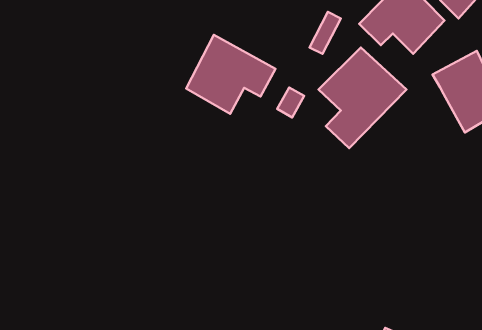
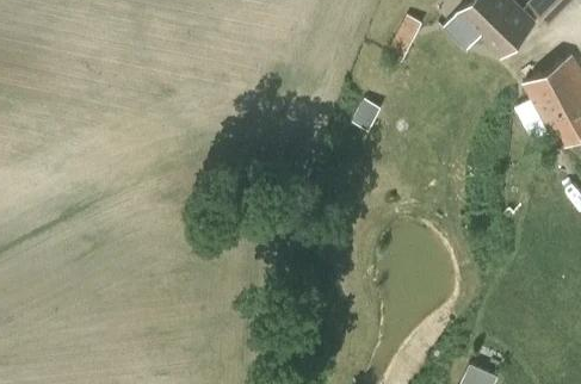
building: [186,35,275,114] -> none
building: [319,48,406,148] -> none

